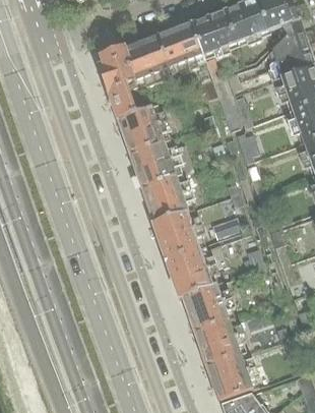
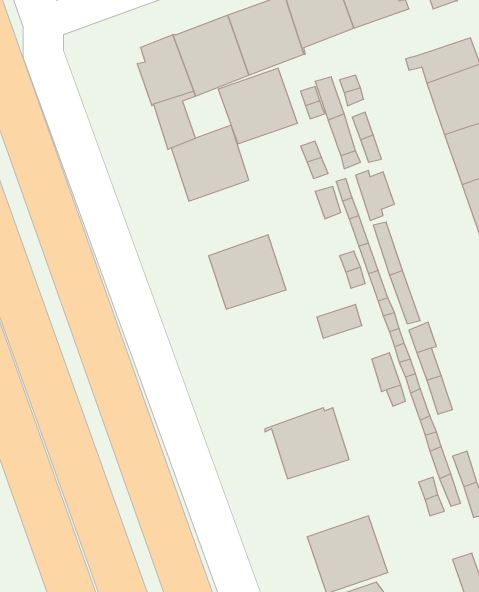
building: [269,29,307,60] -> none
building: [130,138,180,186] -> [218,68,298,144]
building: [152,208,203,257] -> none
building: [166,248,214,295] -> none
building: [192,314,243,363] -> none

